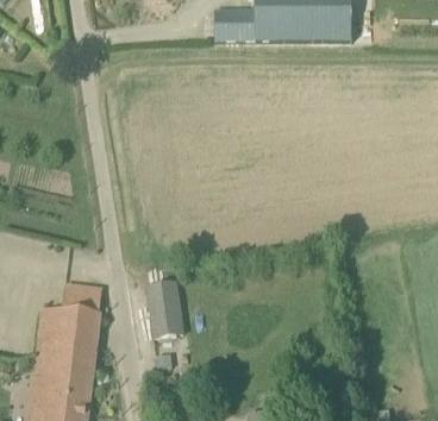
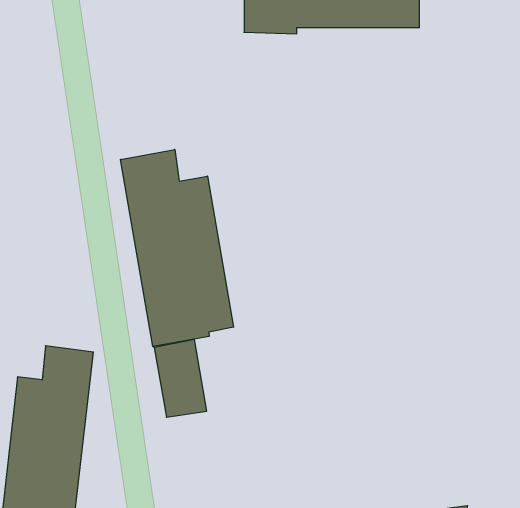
building: none -> [120,149,233,347]

